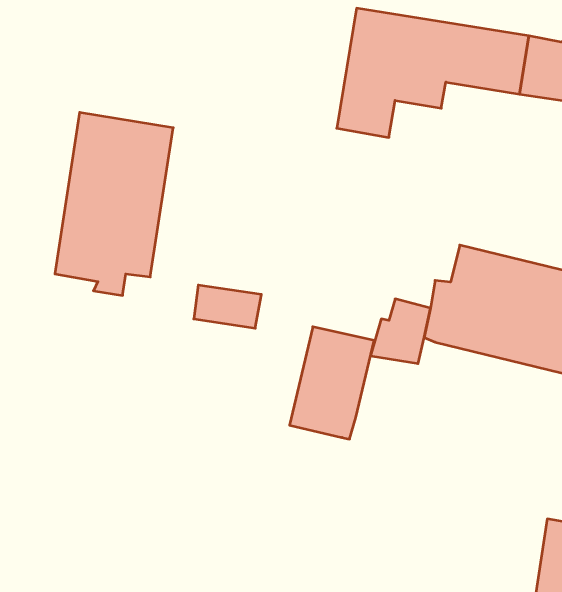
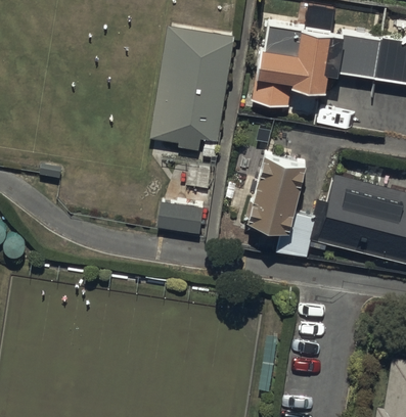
building: [55,112,173,295] -> [154,31,233,152]
building: [290,327,374,439] -> [249,154,305,229]

